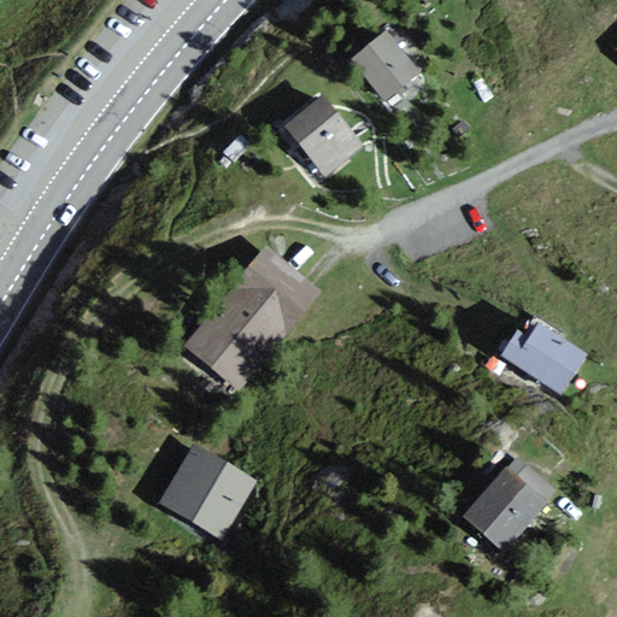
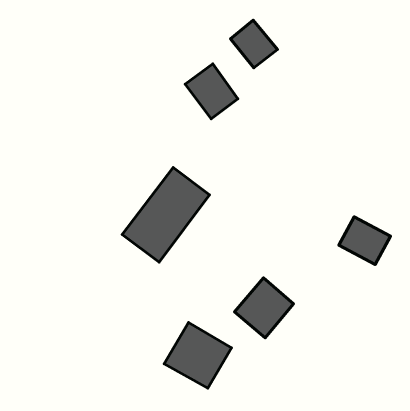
building: [163,443,263,541] -> [164,323,231,388]
building: [462,460,550,550] -> [234,278,293,338]

